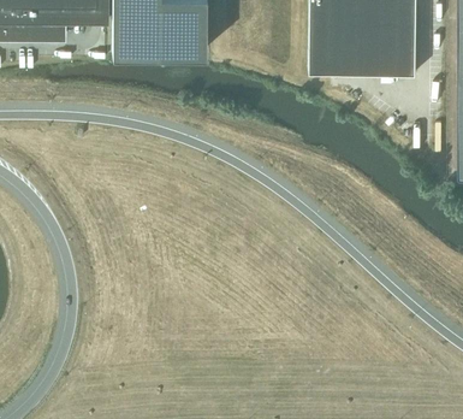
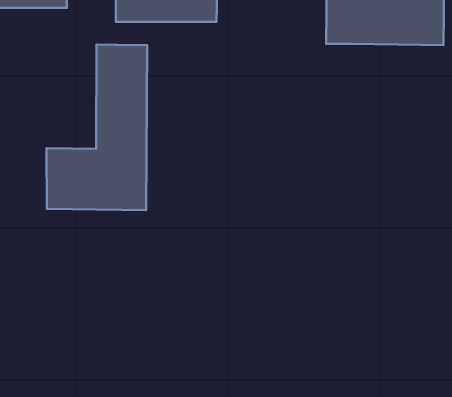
building: none -> [47,45,147,210]

